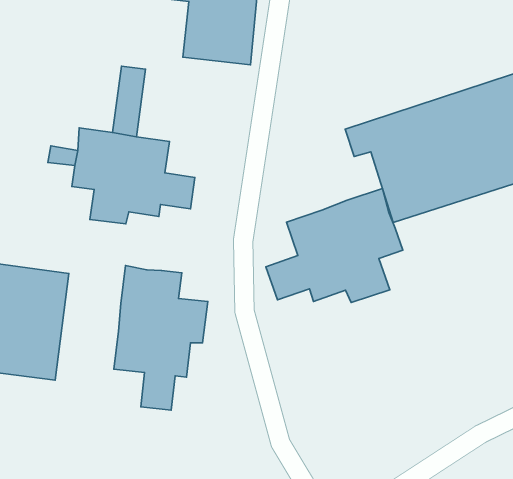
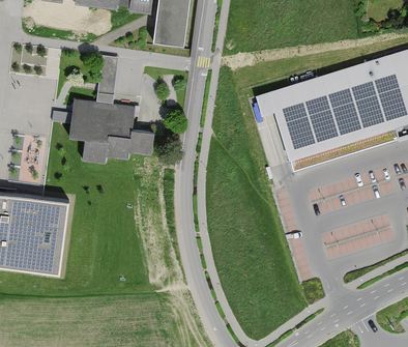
building: [266,188,403,303] -> none
building: [114,266,208,410] -> none

